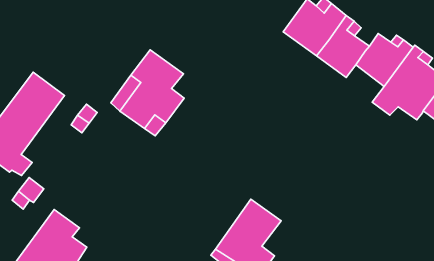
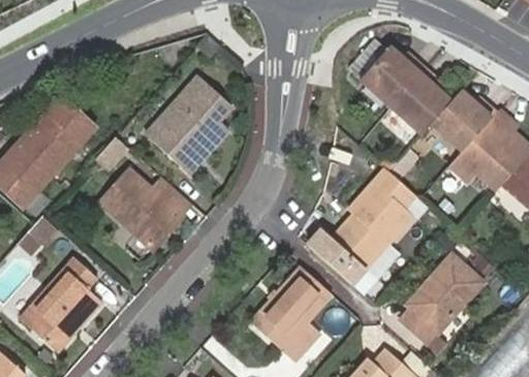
building: none -> [308,166,415,285]
building: none -> [100,168,194,247]
building: none -> [402,255,481,336]

